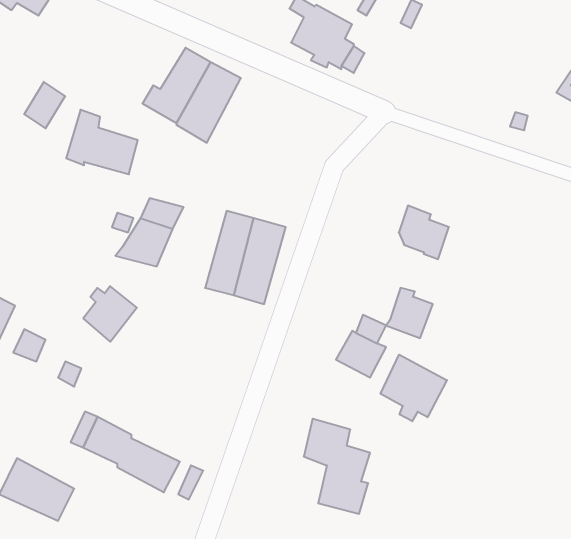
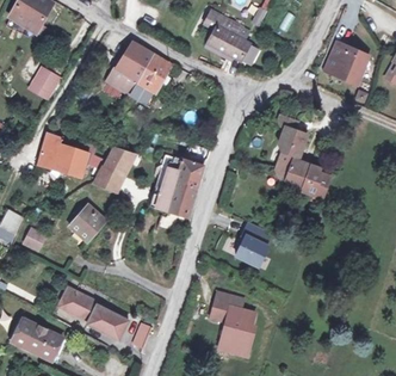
building: none -> [324,44,364,80]
building: [66,110,138,174] -> [36,134,83,177]
building: none -> [277,113,307,156]
building: [386,288,433,338] -> [301,165,332,198]
building: [381,355,447,421] -> none

